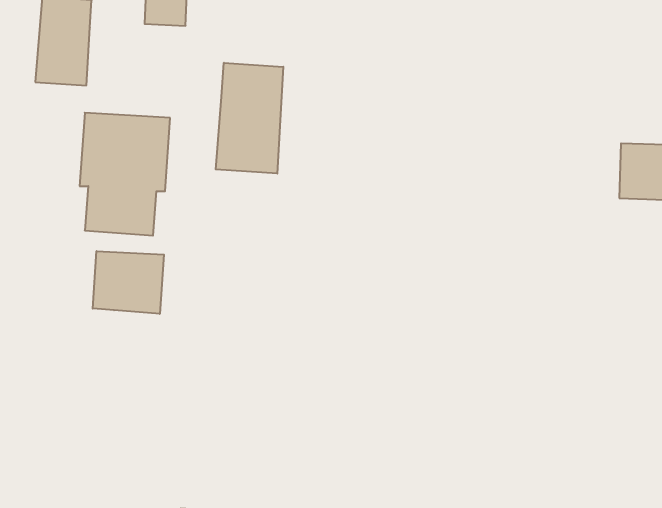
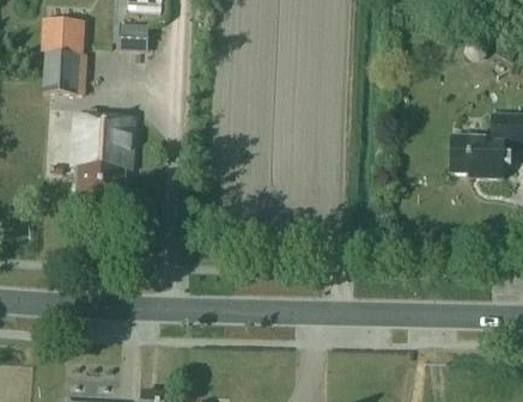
building: [216,63,283,174] -> none
building: [93,251,164,314] -> none

